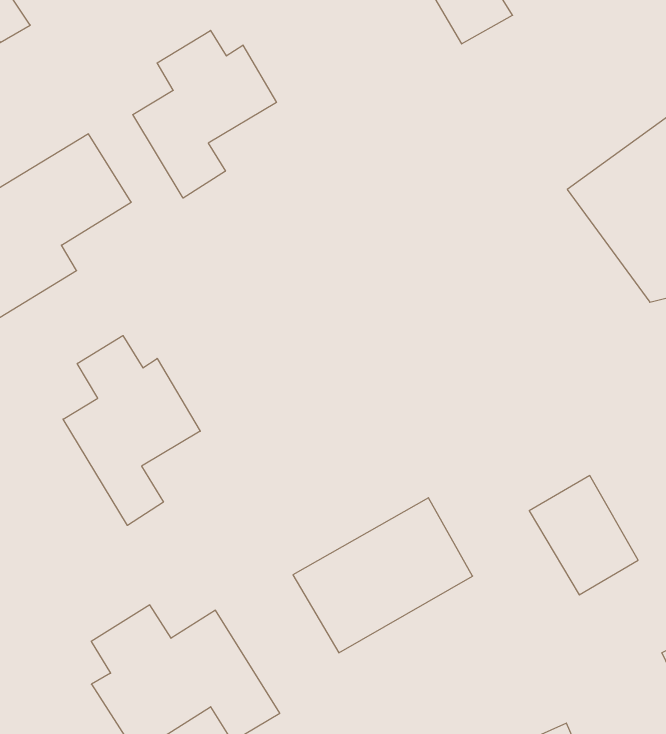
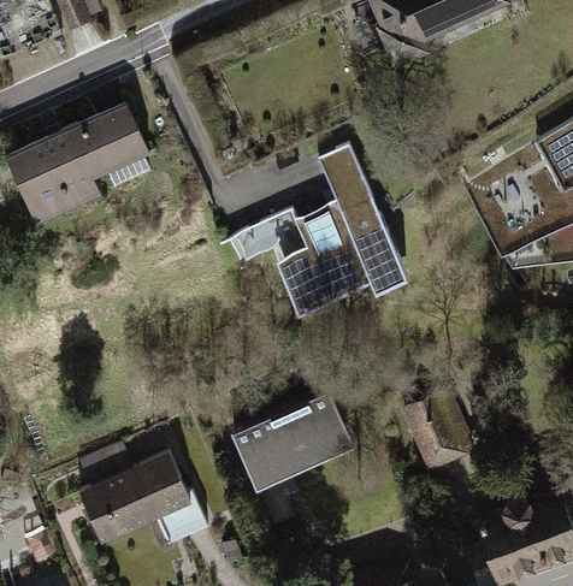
building: [133,30,276,198] -> none
building: none -> [235,148,408,313]
building: [63,336,200,525] -> none

